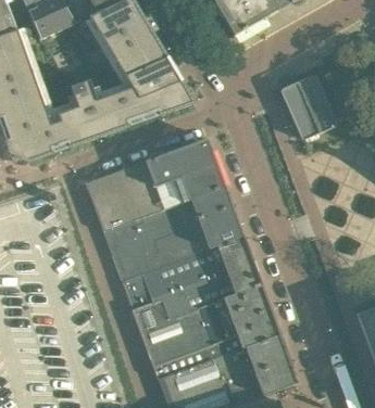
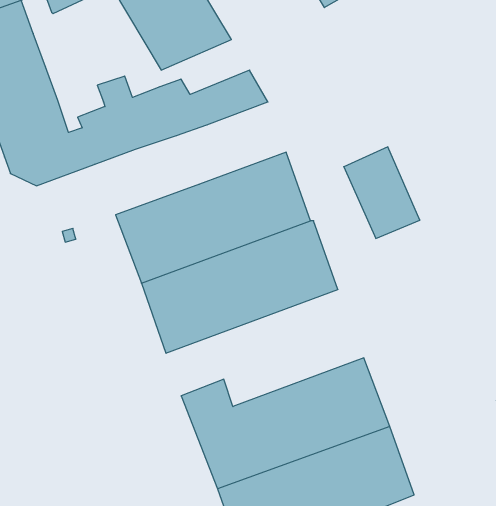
building: [125,58,180,97] -> none
building: [282,74,336,139] -> [344,147,420,238]
building: [121,235,262,319] -> none

